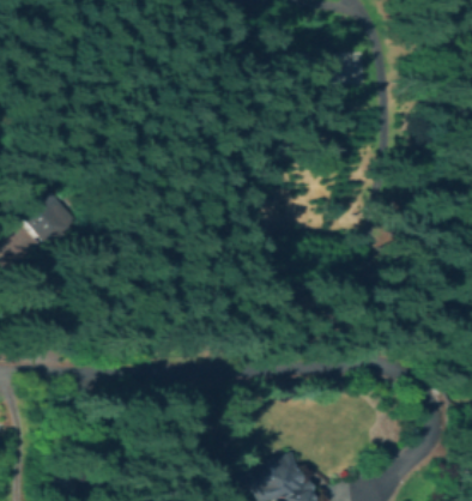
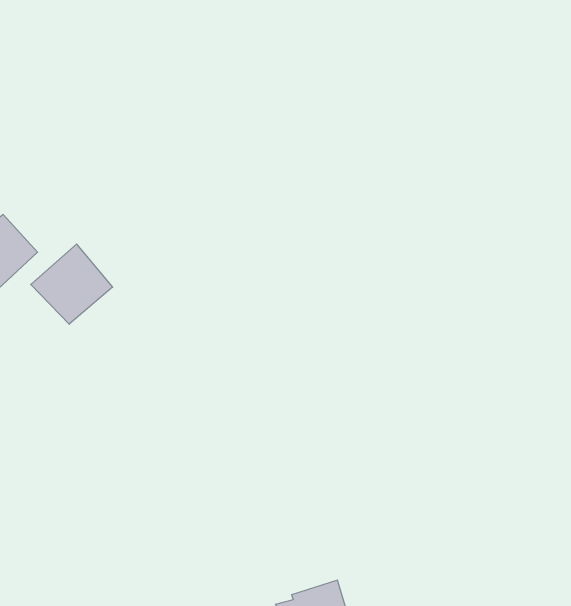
building: none -> [31,244,113,324]

